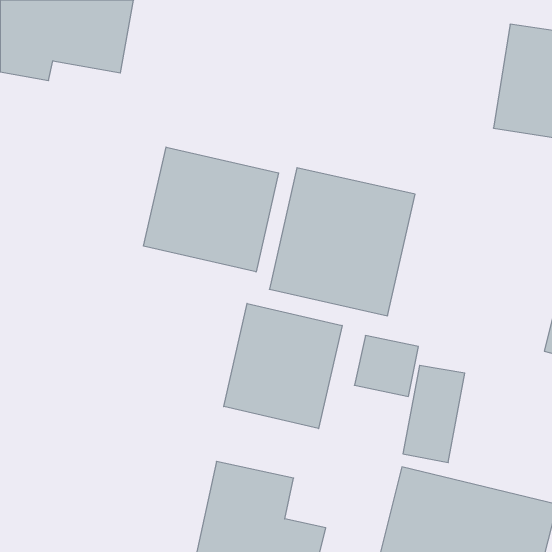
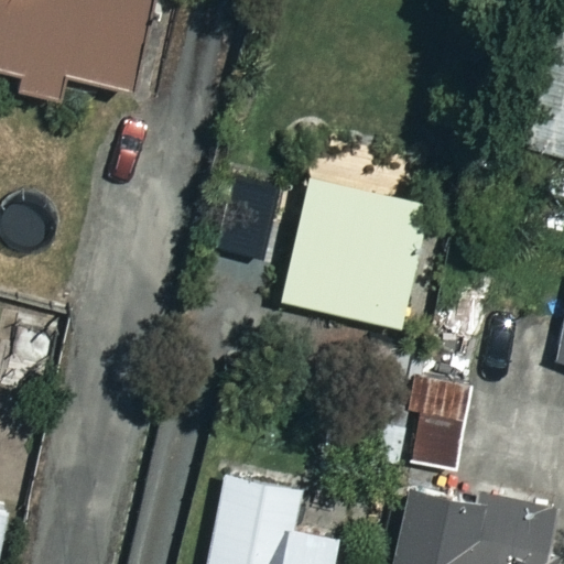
building: [144,147,279,272] -> none
building: [224,303,342,429] -> none

